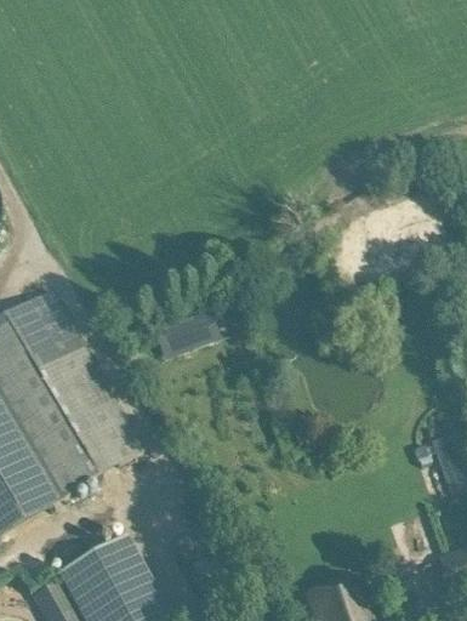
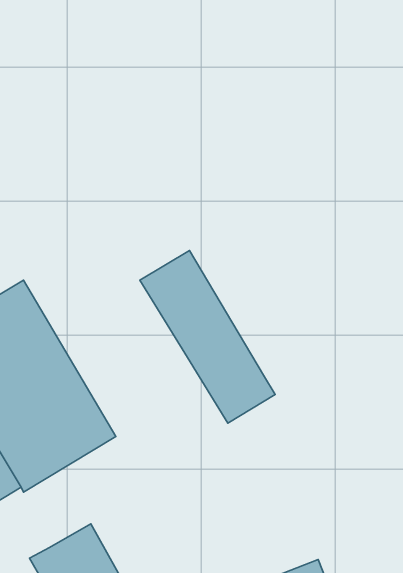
building: none -> [140,251,275,423]

